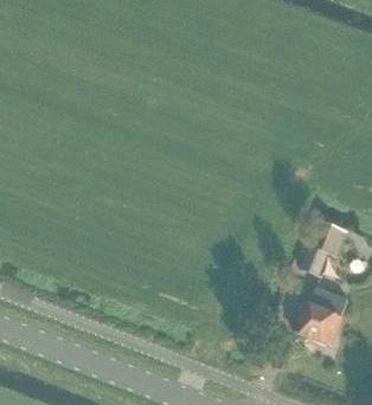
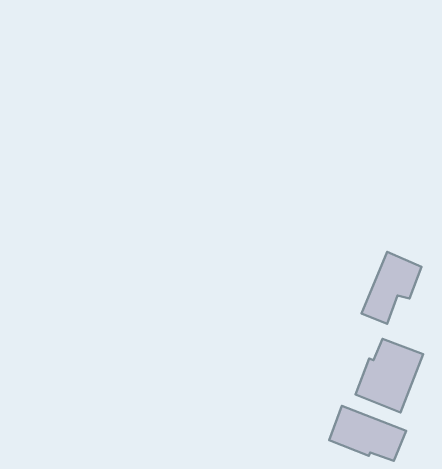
building: none -> [329,406,406,461]

